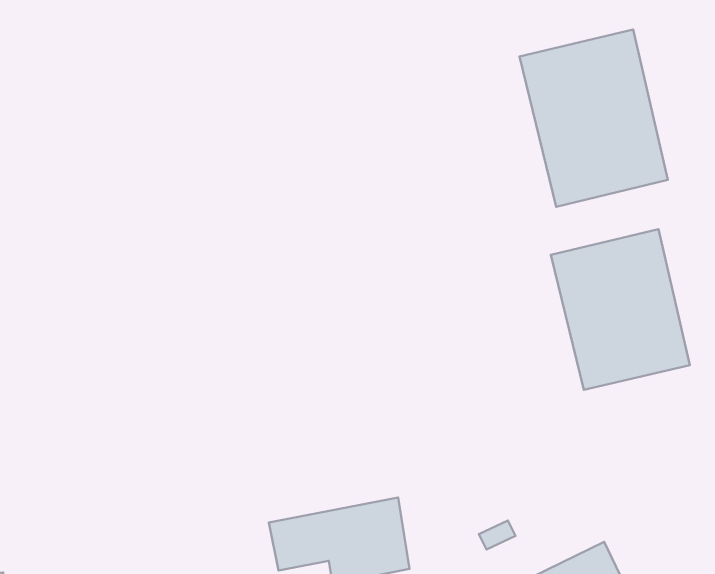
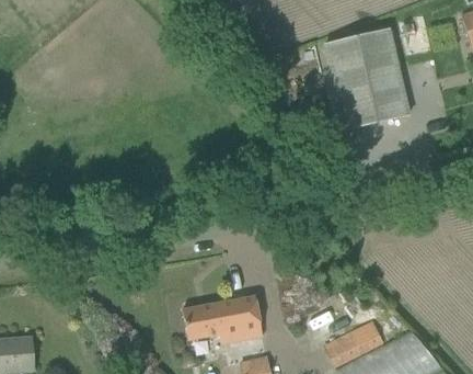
building: [551,229,690,390] -> none

